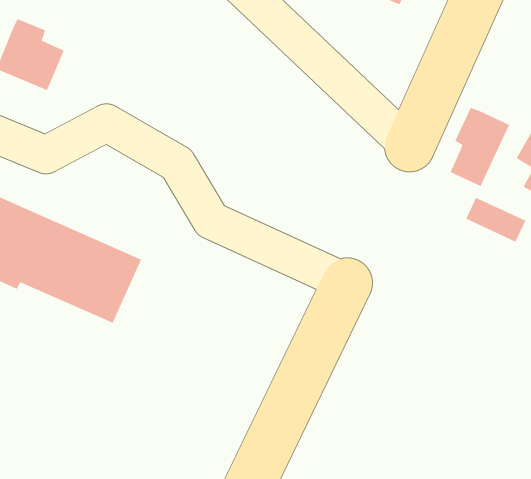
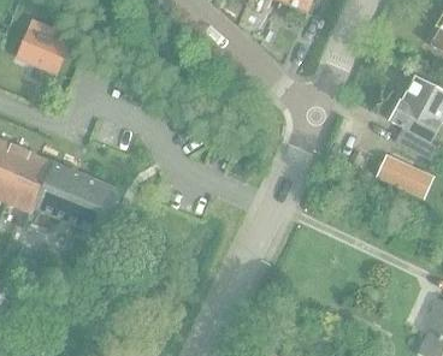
building: [450,107,510,187] -> none

